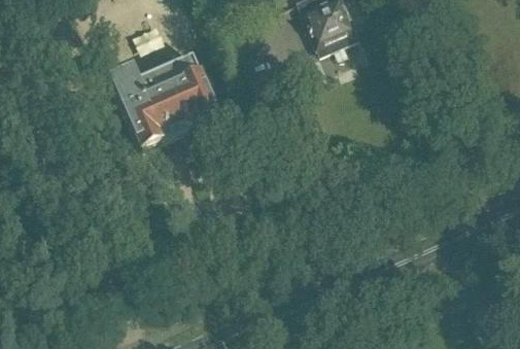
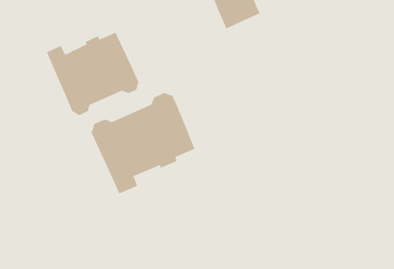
building: none -> [90,92,195,194]

